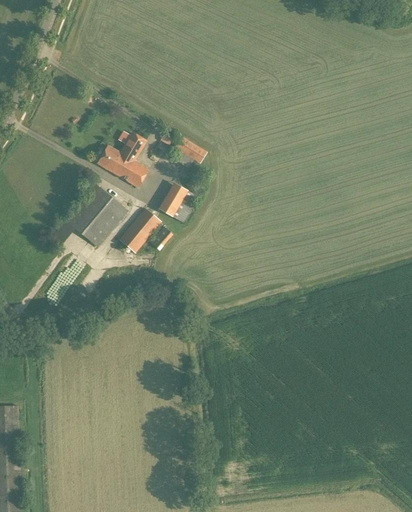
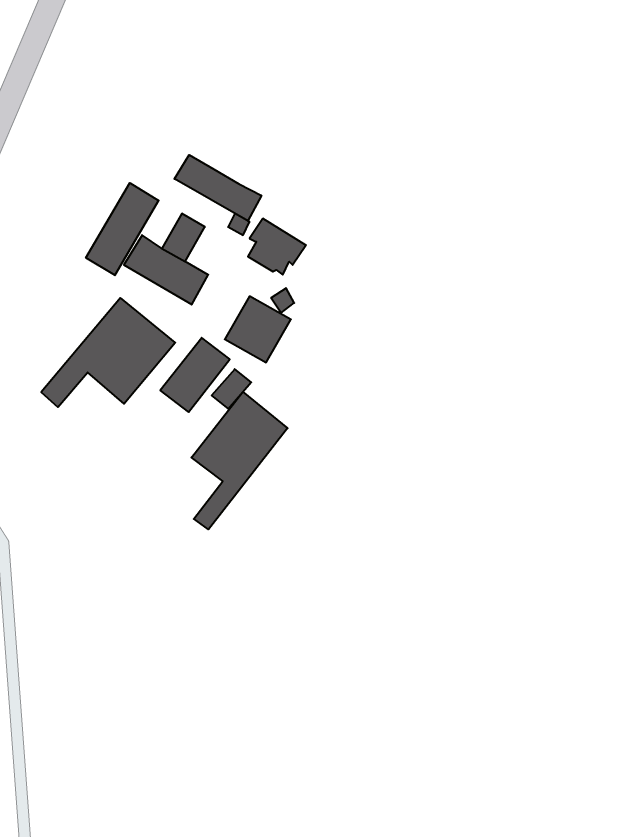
building: none -> [174,155,261,221]
building: none -> [86,183,159,275]
building: none -> [191,392,288,529]

